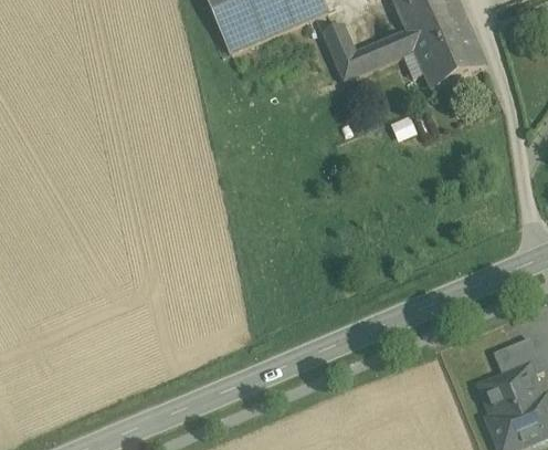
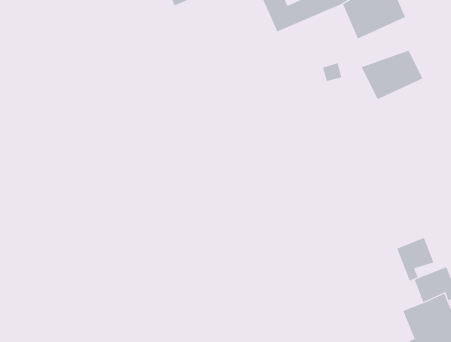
building: none -> [361,50,423,100]
building: none -> [396,237,434,281]

